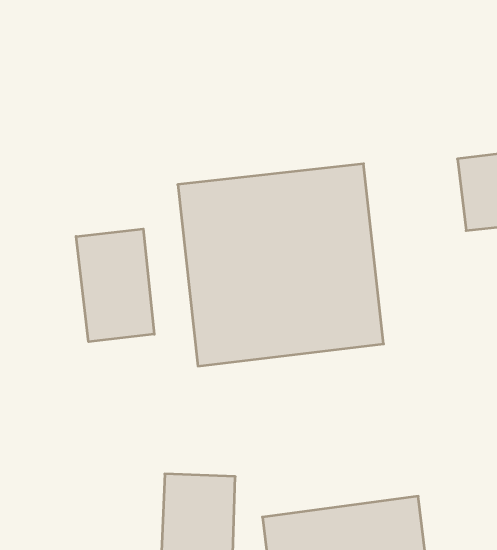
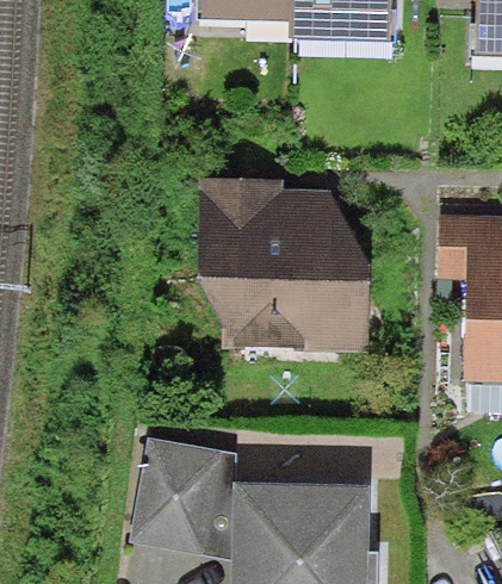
building: [76,229,154,342] -> none

